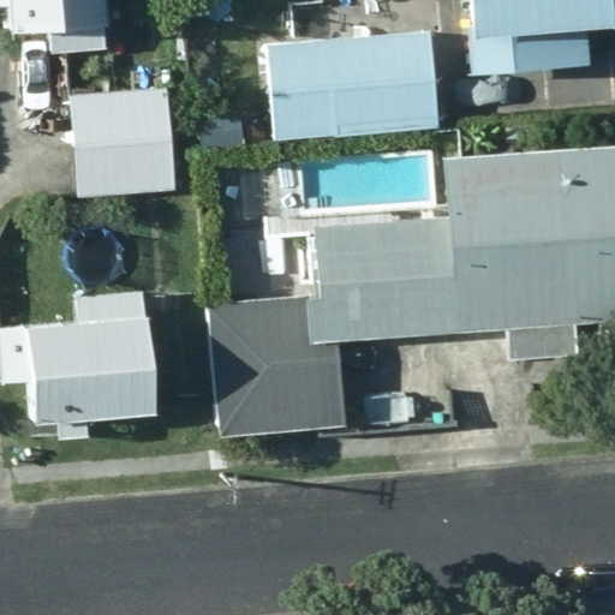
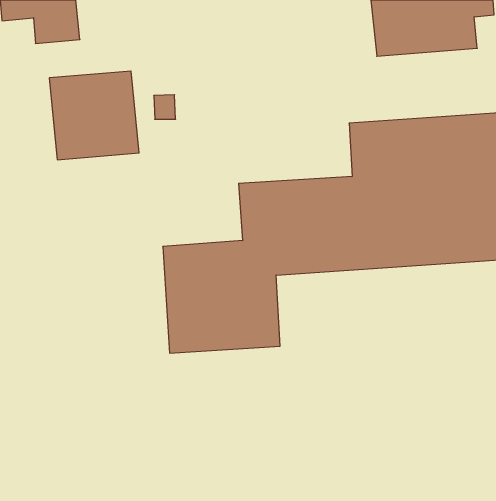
building: [267,30,440,142] -> none
building: [20,293,156,423] -> none

